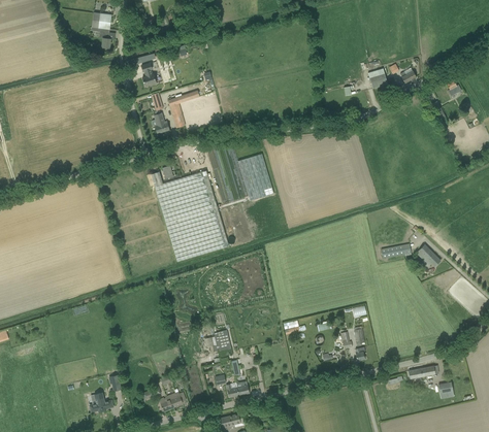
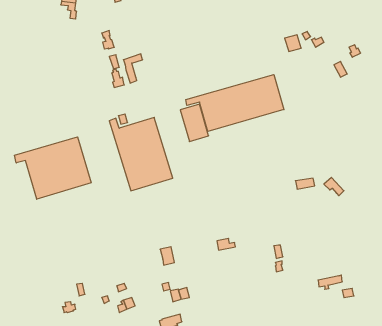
building: none -> [186,75,284,132]
building: none -> [14,137,91,199]

